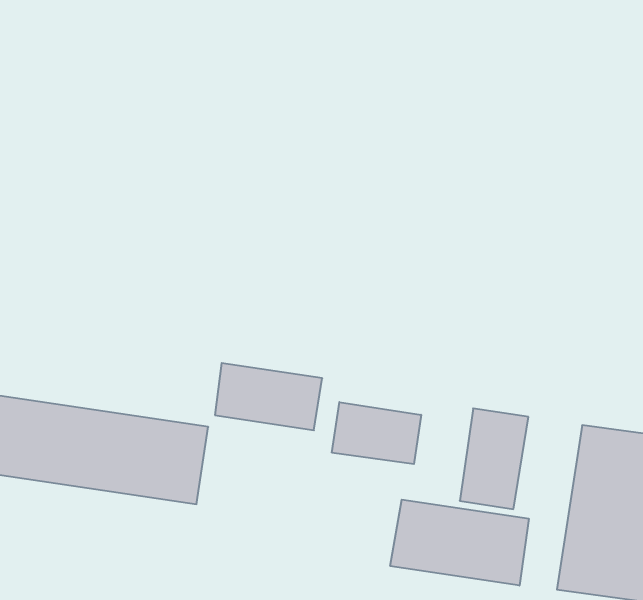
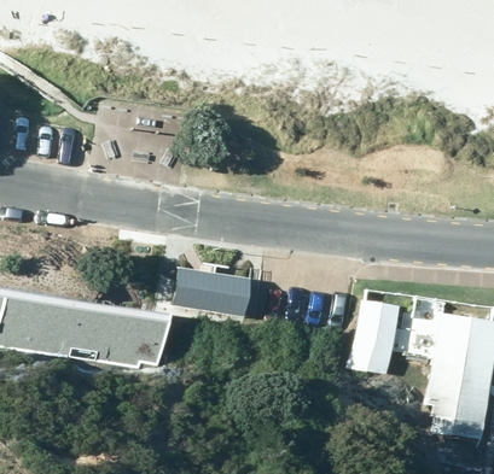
building: [332,402,421,464] -> none
building: [390,500,529,586] -> none

